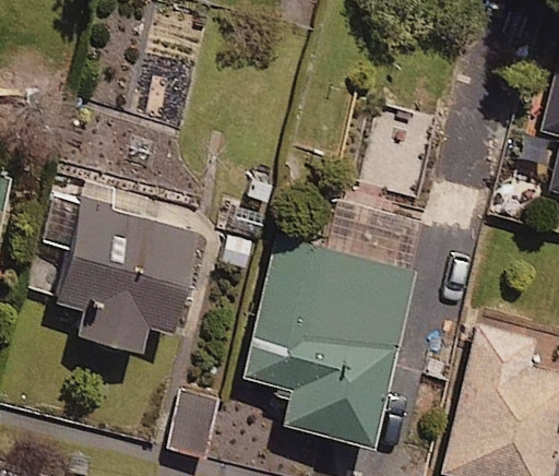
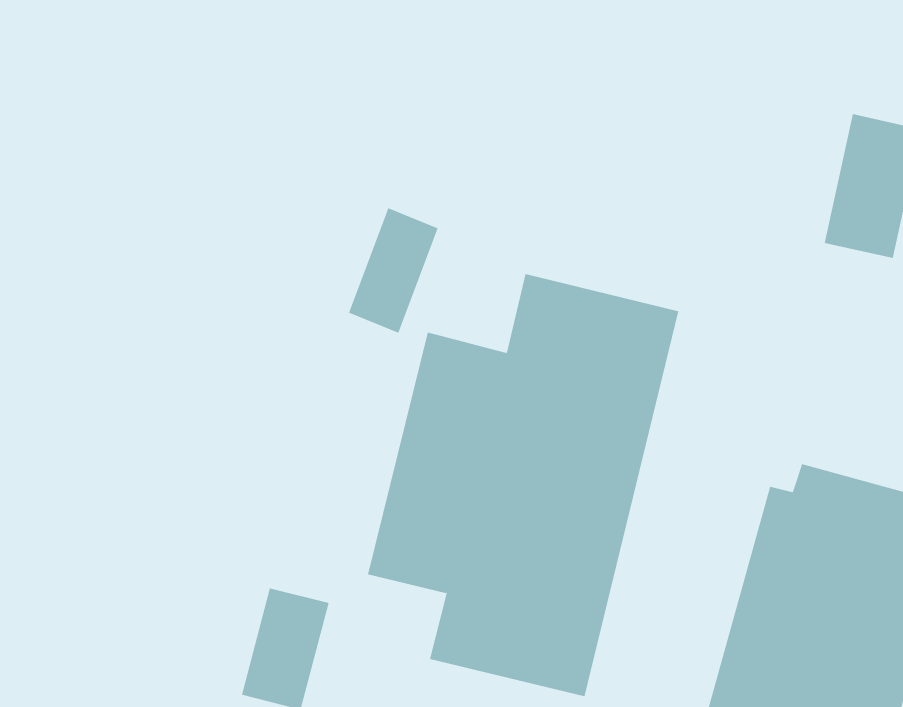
building: [37,198,199,358] -> none

